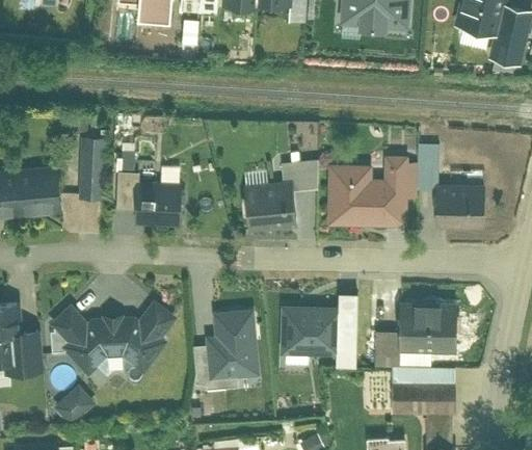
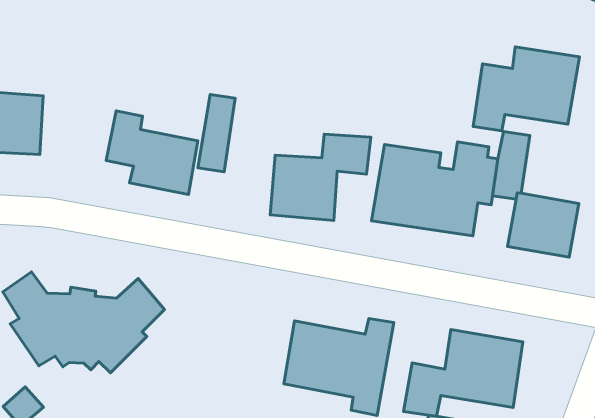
building: none -> [473,47,579,131]
building: [78,139,99,197] -> [198,94,235,172]
building: [190,308,259,389] -> none

